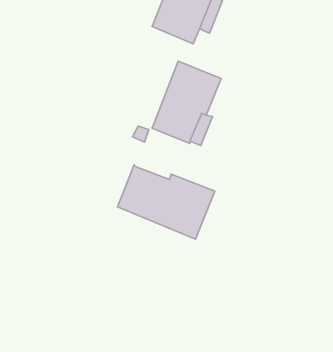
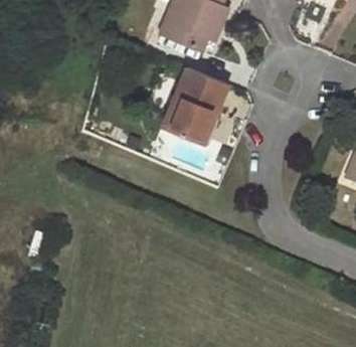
building: [117,165,215,239] -> none

